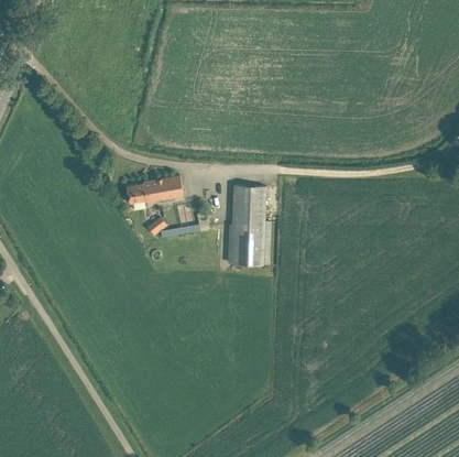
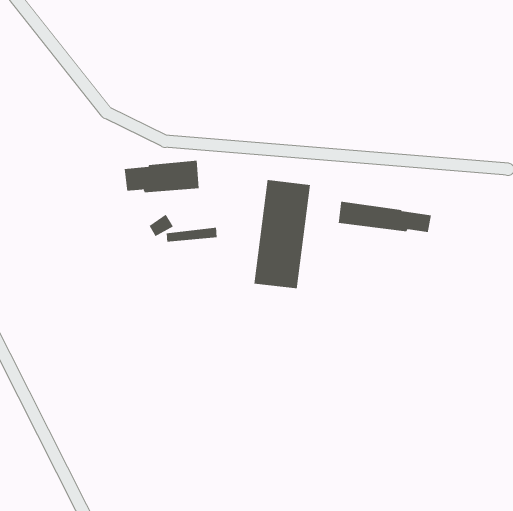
building: none -> [338,201,432,233]

